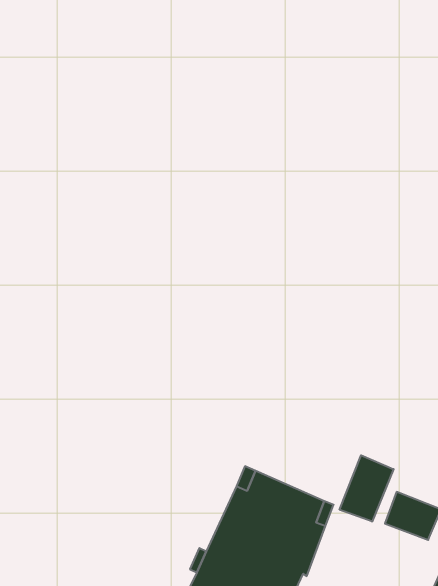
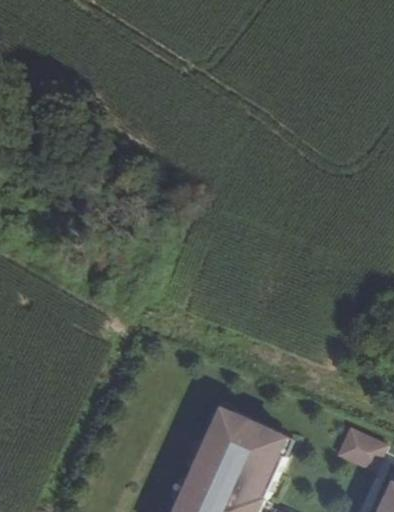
building: [340,455,394,522] -> none

